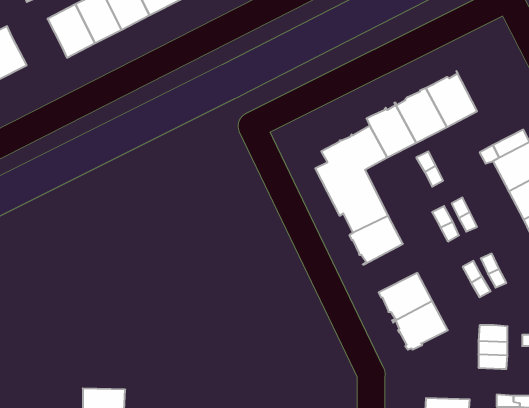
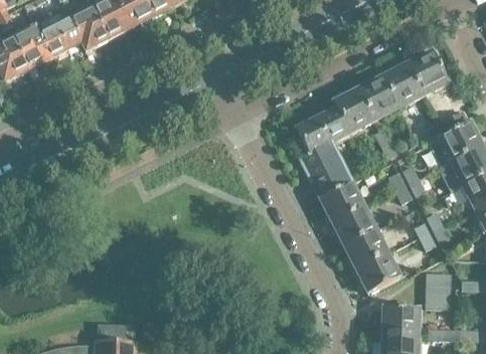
building: none -> [40,18,82,58]
building: none -> [408,49,449,95]
building: none -> [331,204,375,244]
building: none -> [382,306,420,333]

